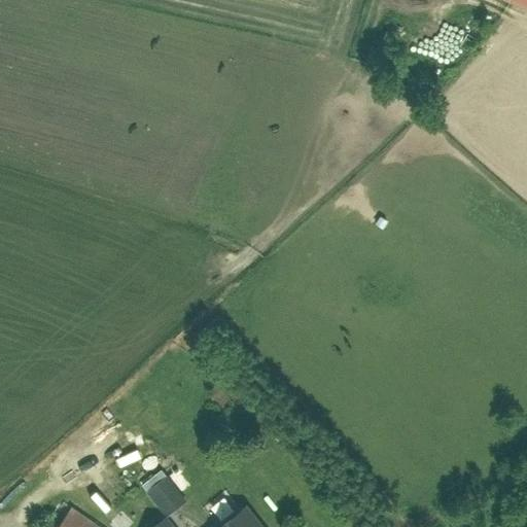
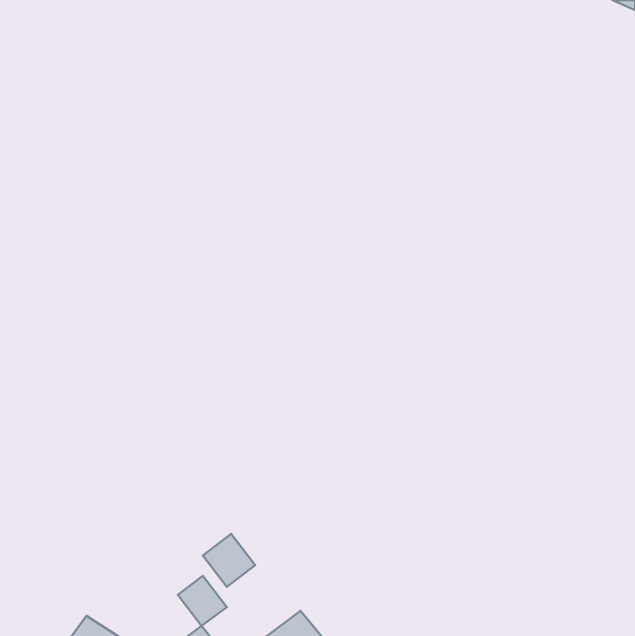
building: none -> [203,534,255,587]

